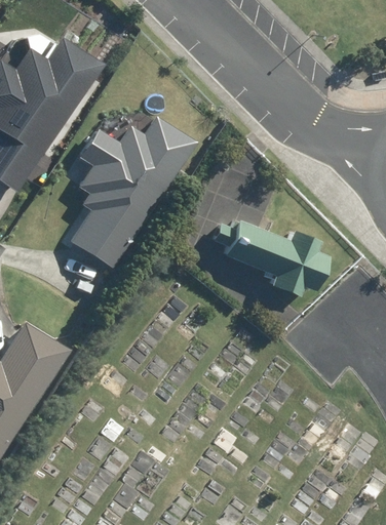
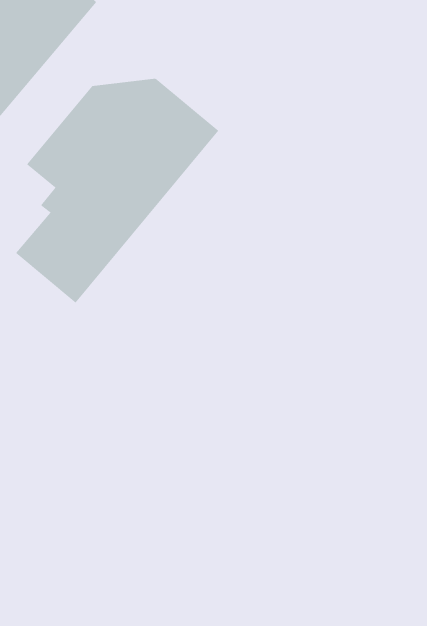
building: [215,223,331,296] -> none

